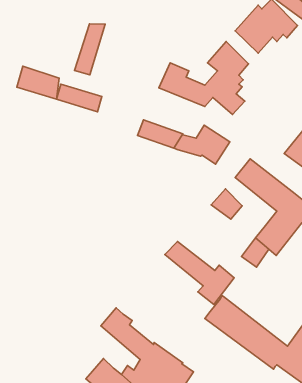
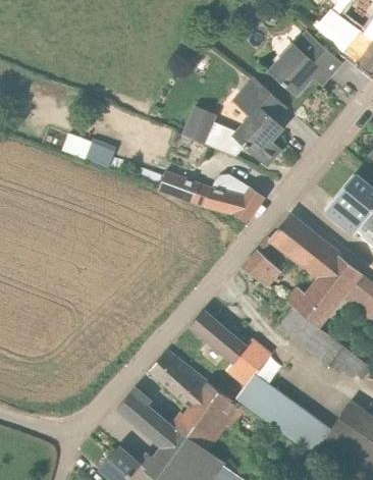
building: [75,24,105,75] -> none
building: [17,66,59,99] -> none
building: none -> [149,351,242,450]

